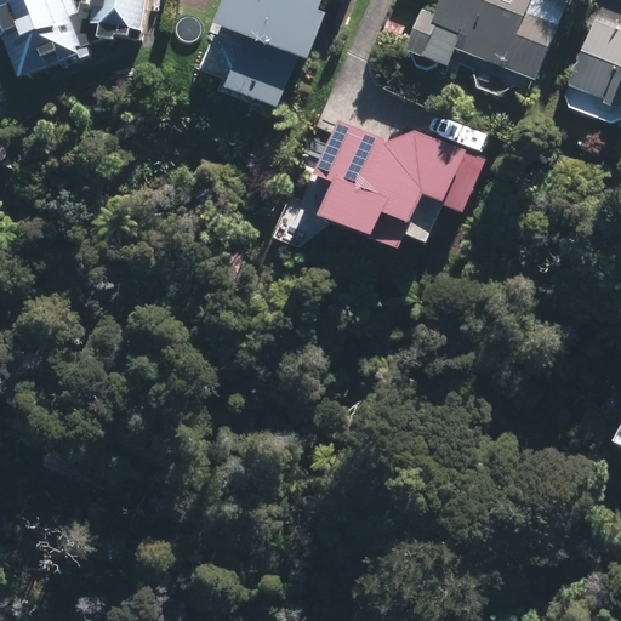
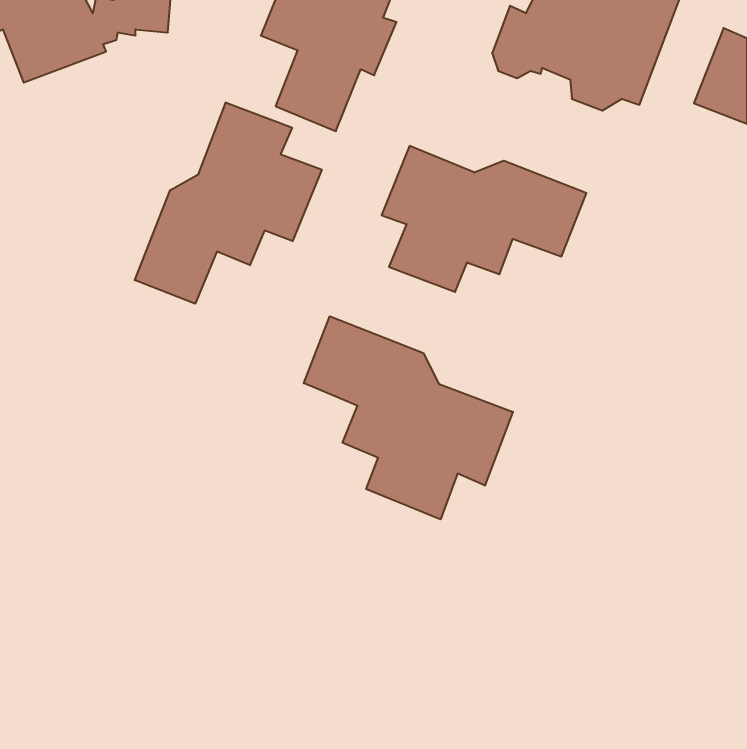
building: none -> [135,102,322,304]
building: none -> [304,316,513,519]

